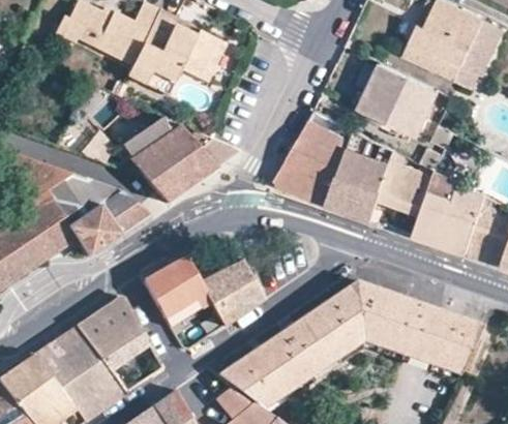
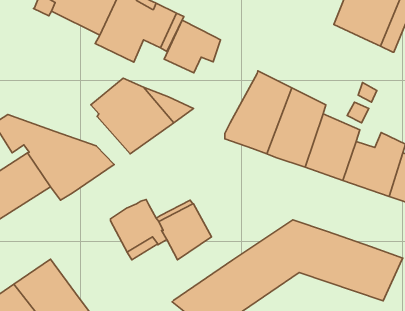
building: none -> [164,20,221,73]
building: [357,59,437,132] -> none
building: [76,296,150,371] -> none

